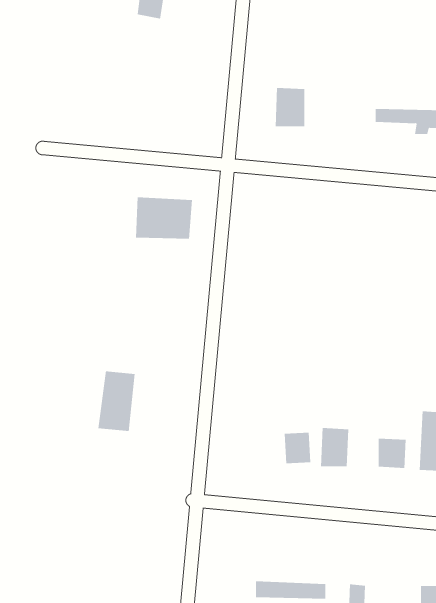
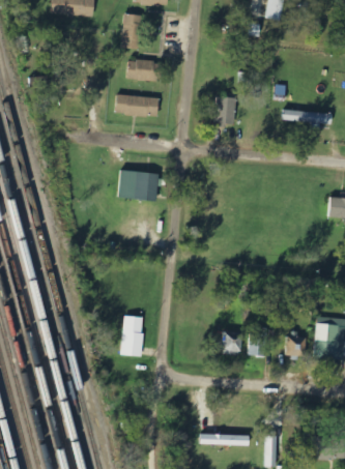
building: none -> [127,60,162,81]
building: none -> [116,95,159,116]
building: [98,371,136,432] -> [119,315,145,356]

